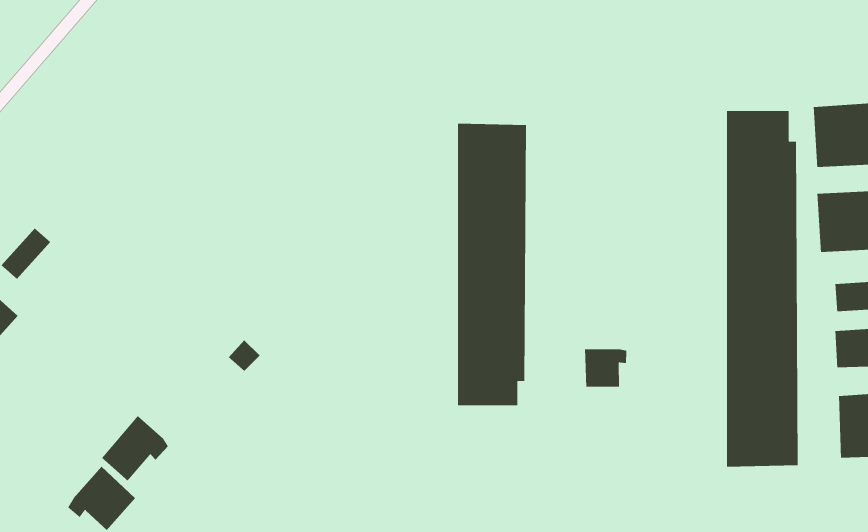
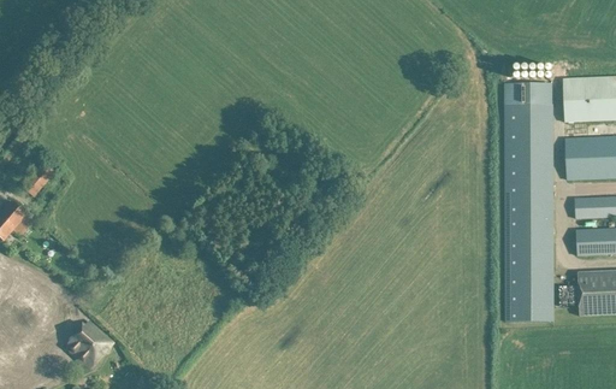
building: [457,123,527,406] -> none
building: [584,349,627,387] -> none
building: [101,415,169,481] -> none

